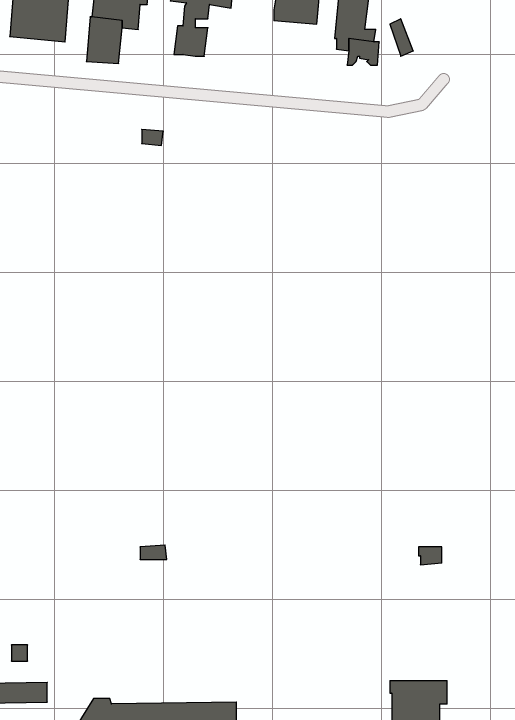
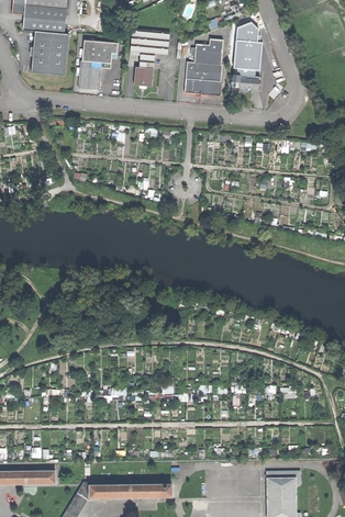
building: none -> [186,63,222,95]

